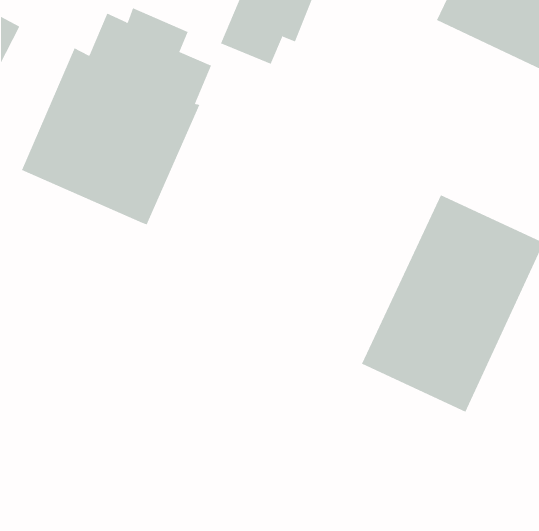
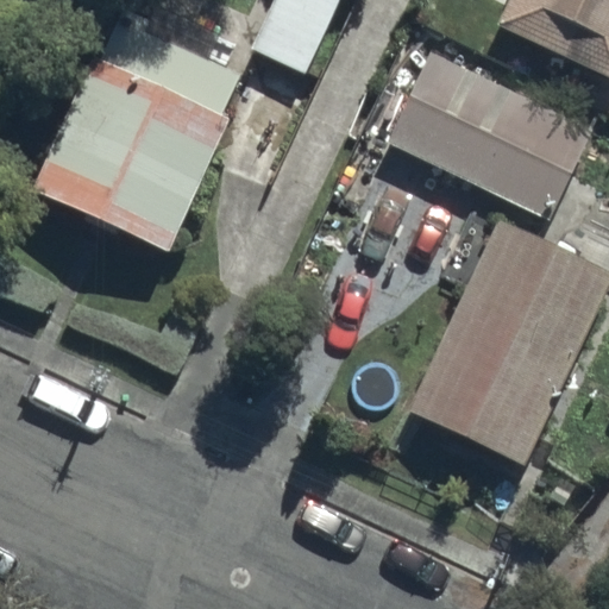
building: none -> [388,49,595,220]

